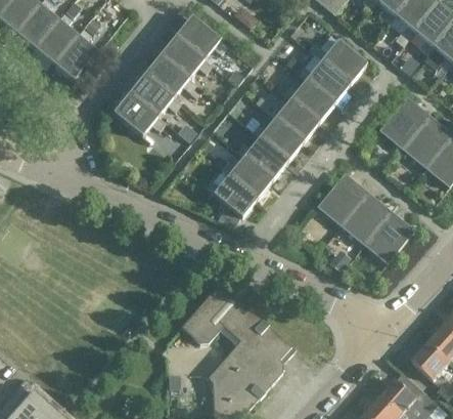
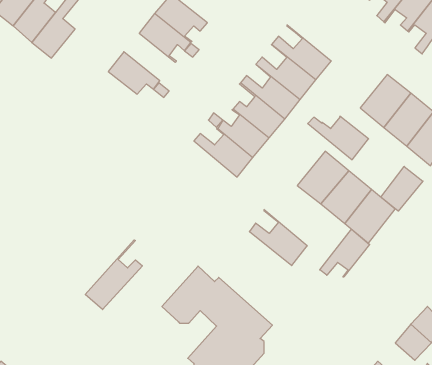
building: [306,39,366,82] -> [308,116,369,160]
building: [144,54,195,101] -> none
building: [112,92,171,135] -> none
building: [199,161,257,216] -> [249,210,307,266]
building: none -> [381,166,423,211]
building: none -> [320,229,370,277]
building: none -> [85,240,142,310]

